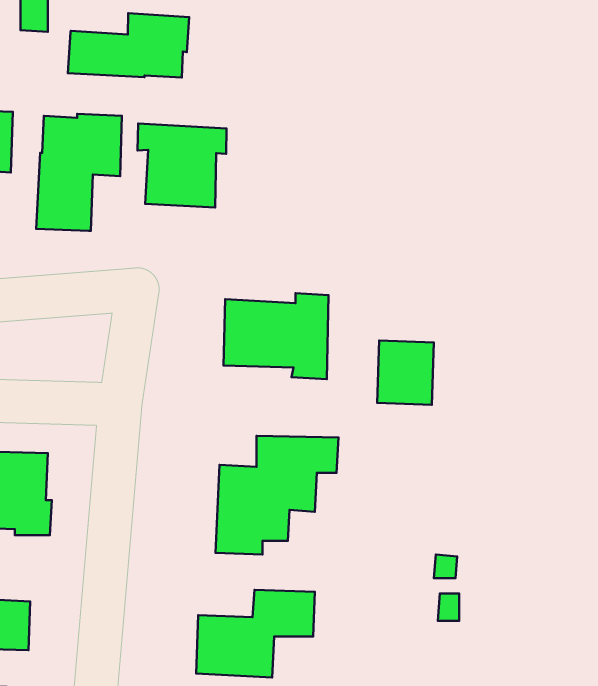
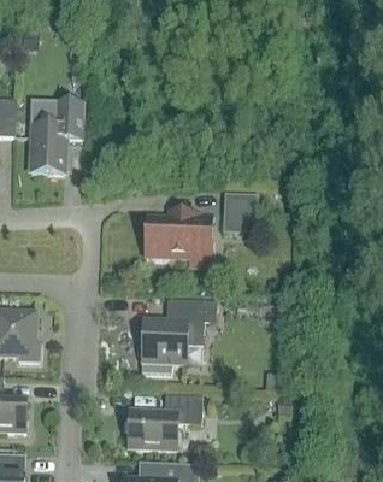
building: [68,13,189,77] -> none
building: [138,123,227,207] -> none
building: [377,340,434,405] -> [223,193,258,233]

